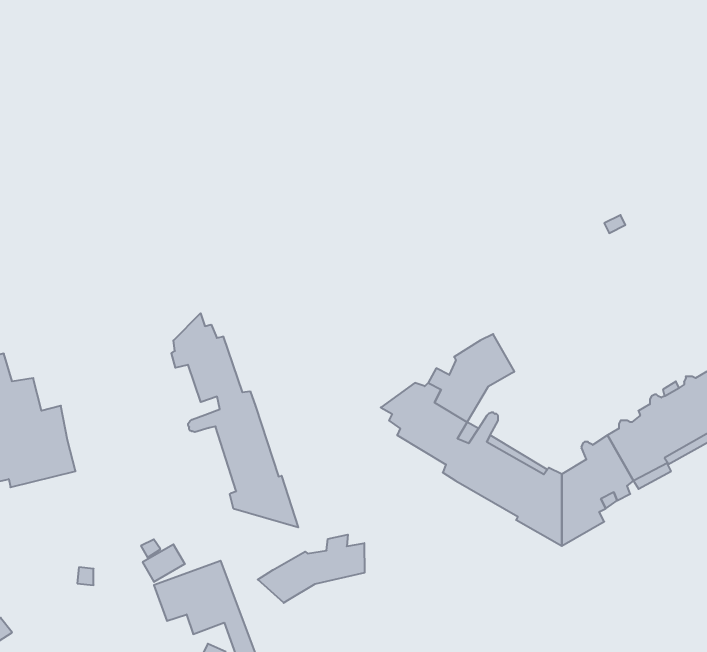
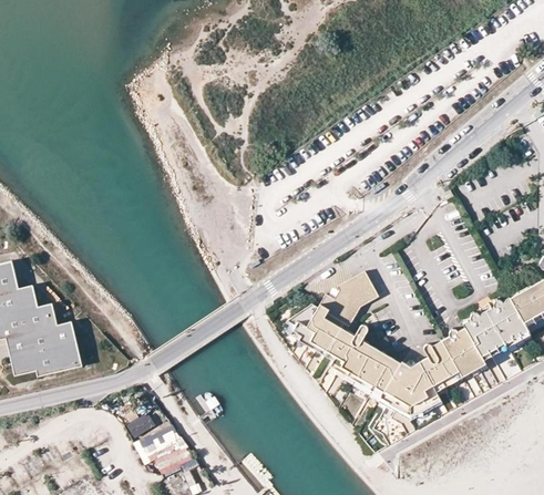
building: [171,313,298,527] -> none
building: [258,535,365,603] -> none

